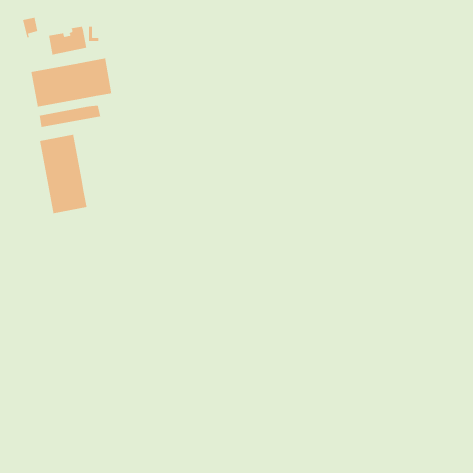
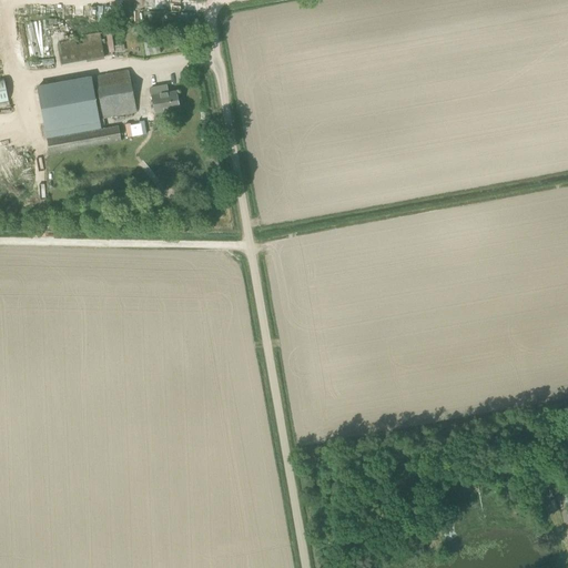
building: none -> [151,84,180,112]
building: [39,134,88,214] -> none

